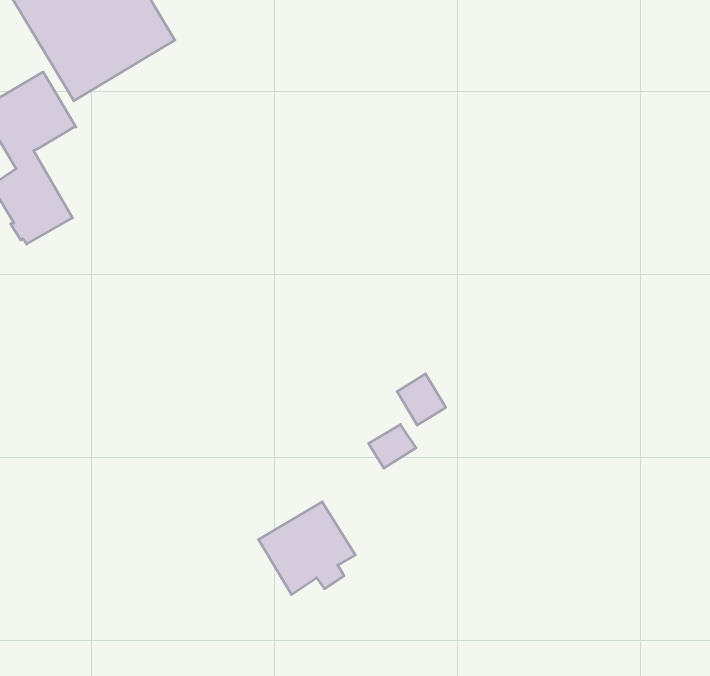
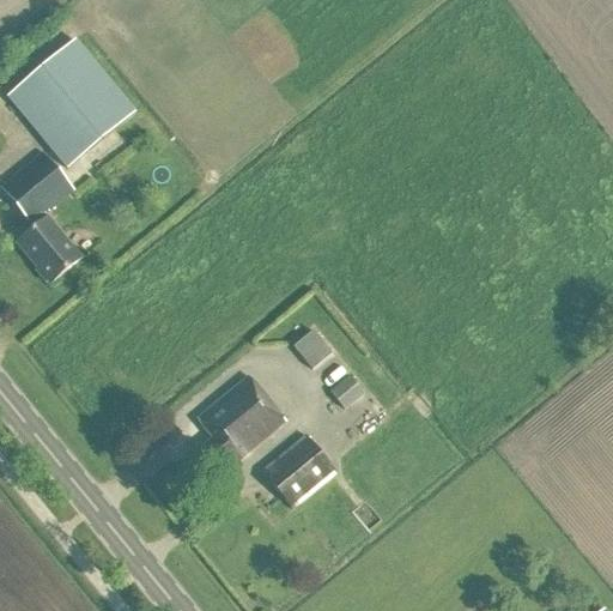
building: [397,374,446,425] -> [293,328,332,368]
building: none -> [192,375,285,478]

